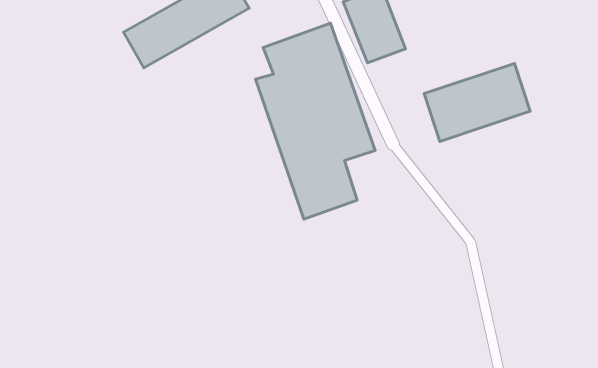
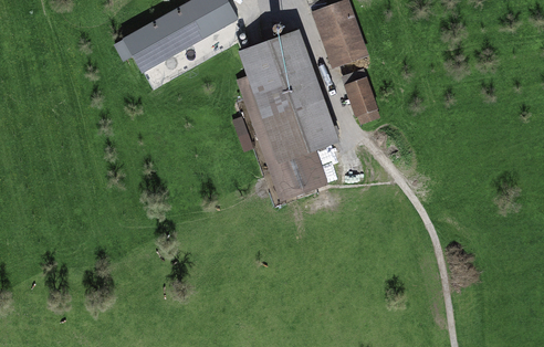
building: [424,64,530,141] -> none
building: none -> [347,77,377,115]

